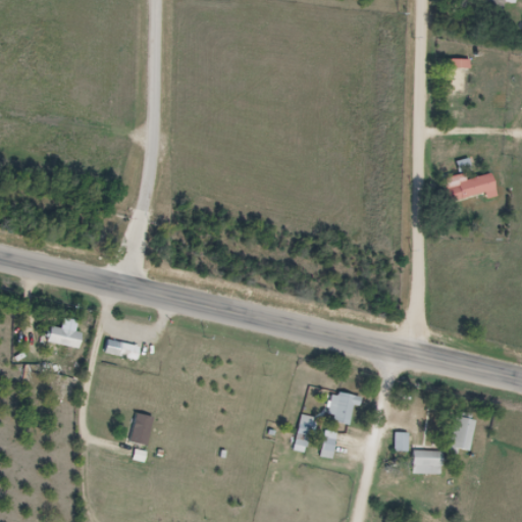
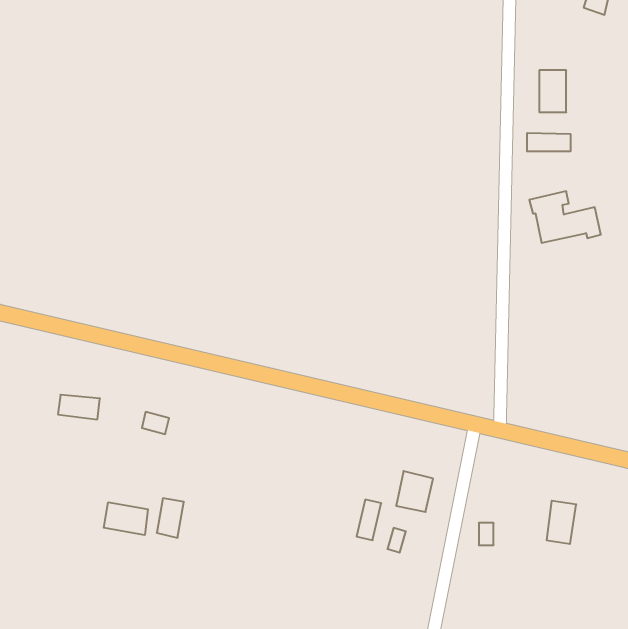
building: none -> [527,133,570,151]
building: none -> [104,502,148,535]
building: [414,450,442,473] -> none

